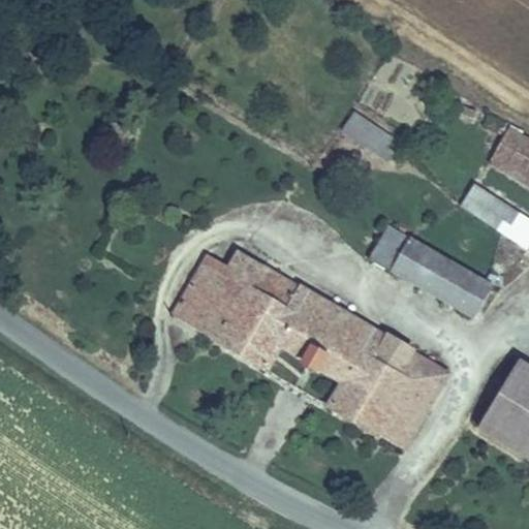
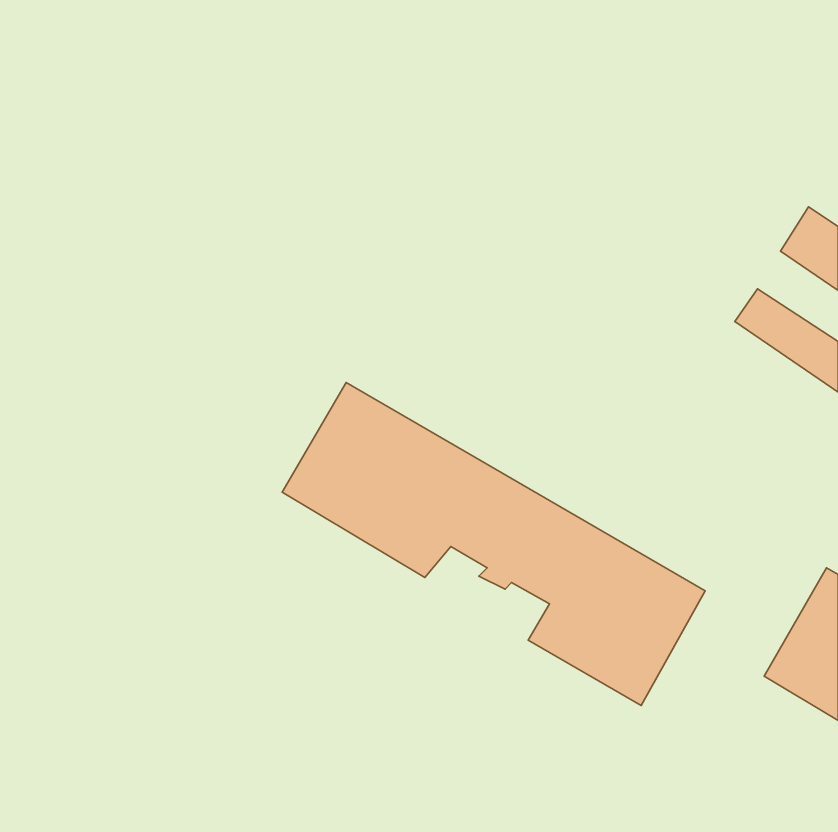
building: [340,110,397,154] -> none
building: [370,224,490,318] -> none

